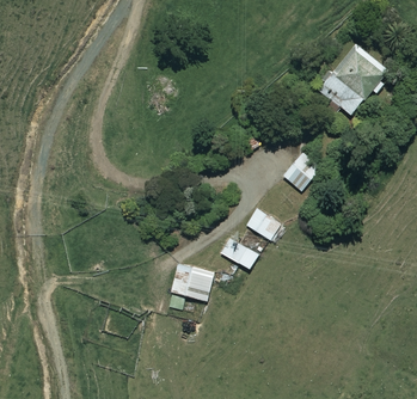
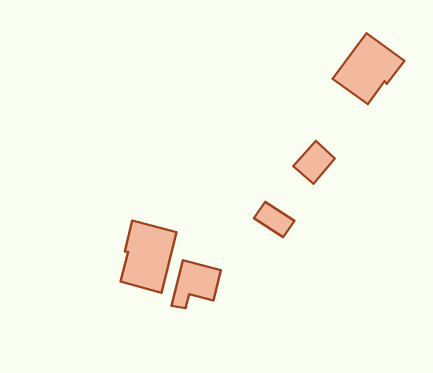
building: none -> [120,221,176,293]
building: [219,237,258,269] -> none

